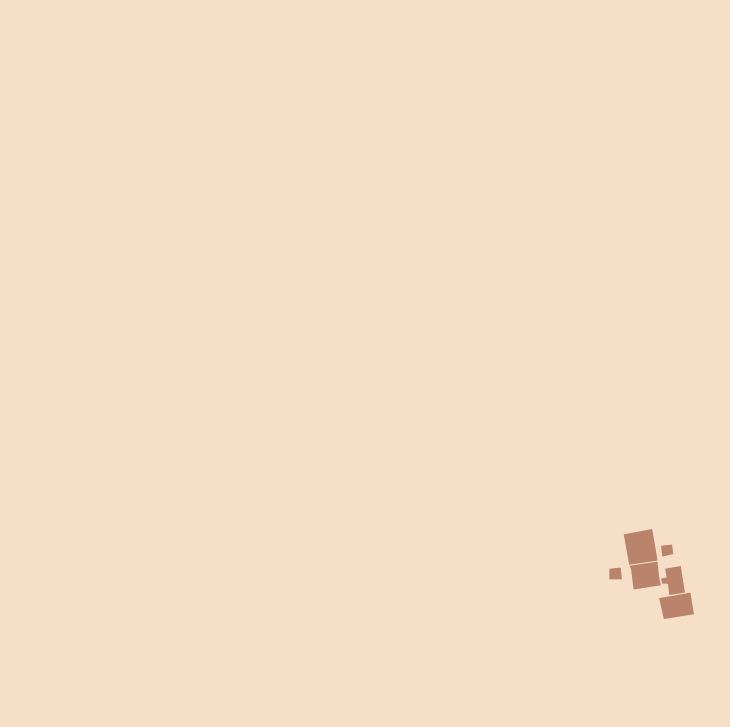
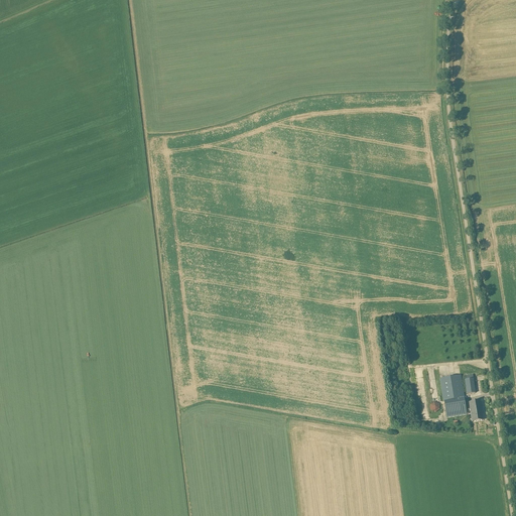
building: [658,592,695,620] -> none

